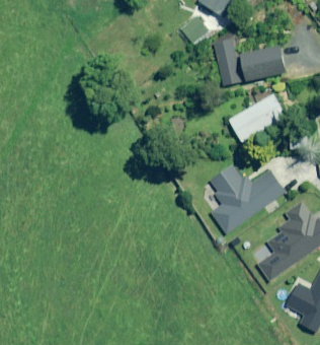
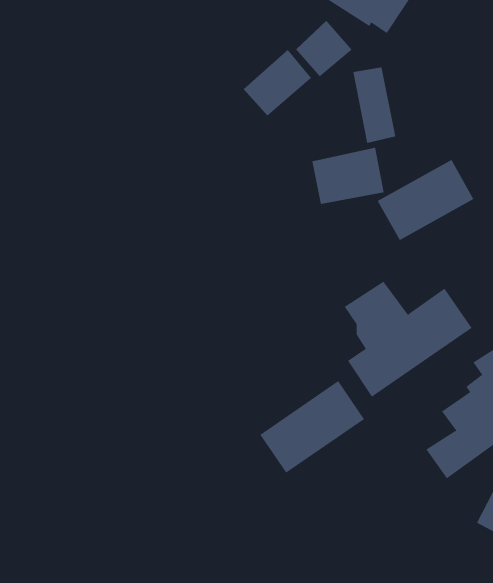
building: none -> [243,49,312,117]
building: [242,46,285,79] -> [311,147,384,205]
building: none -> [259,380,365,474]

